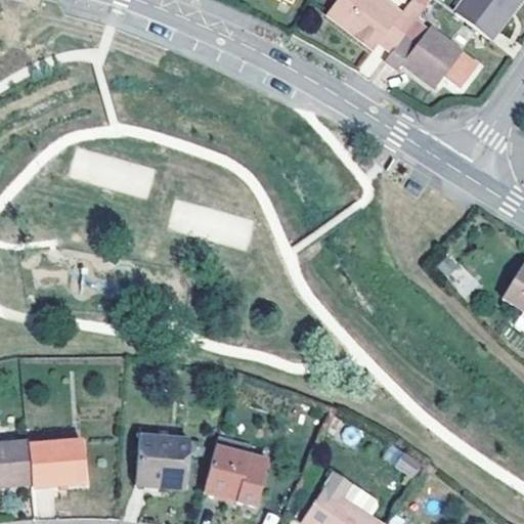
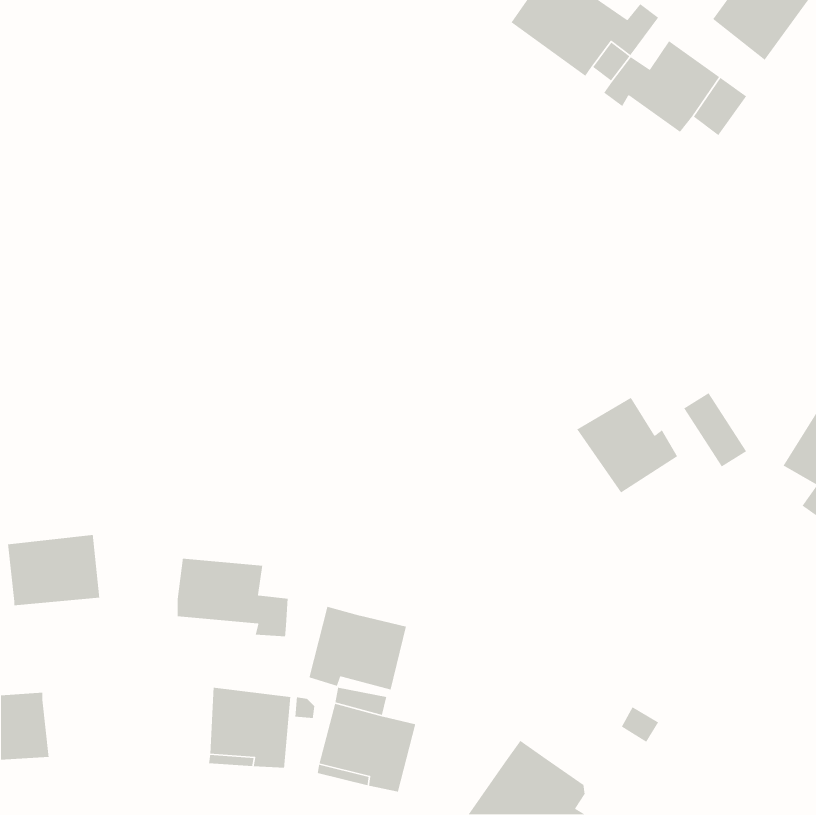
building: none -> [576,397,678,494]
building: none -> [177,558,288,637]
building: none -> [308,606,407,690]
building: [29,441,88,487] -> [7,534,100,606]

